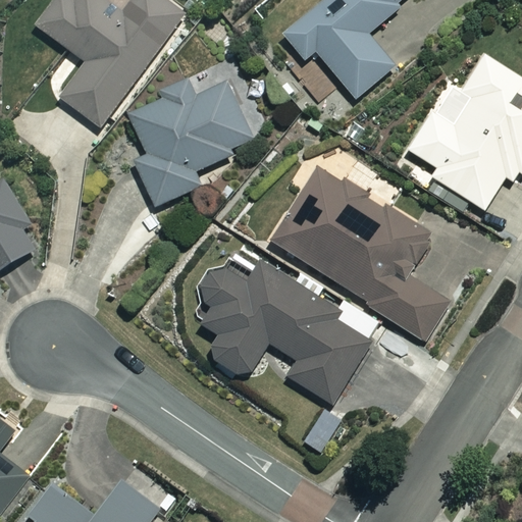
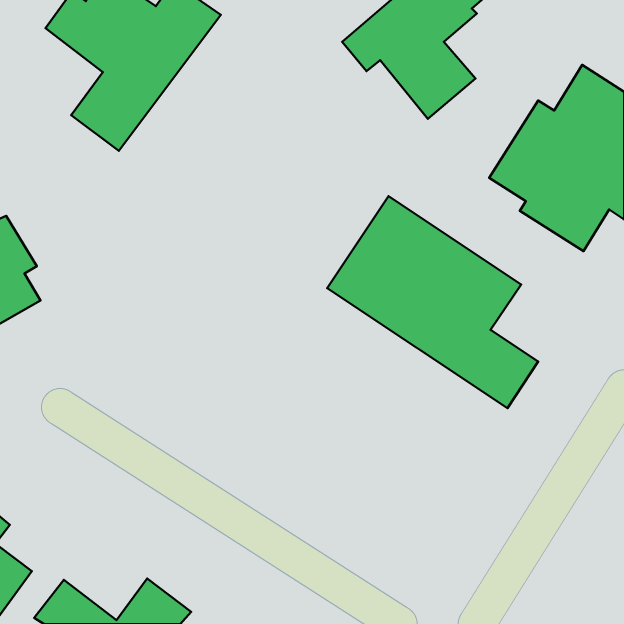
building: [129,81,254,207] -> none
building: [199,262,371,403] -> none

